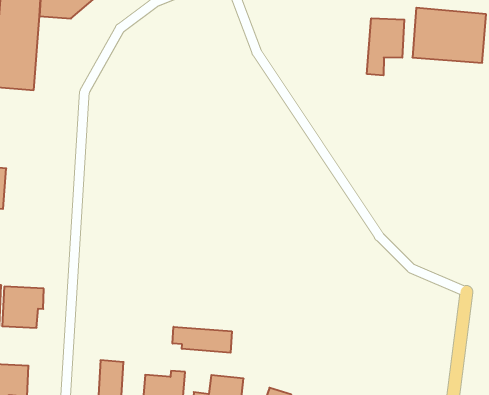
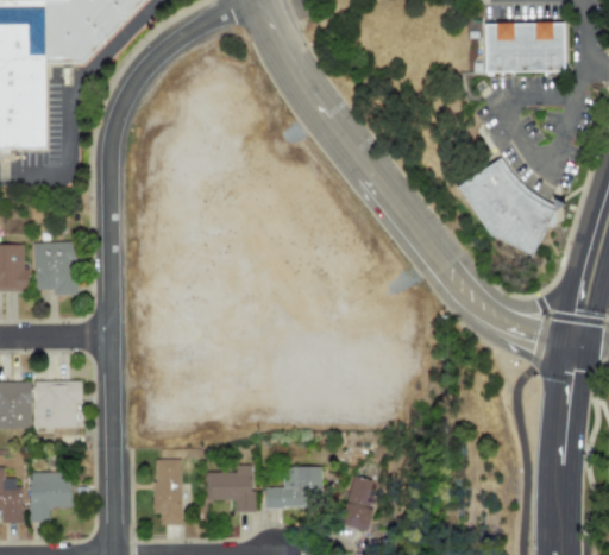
building: [367,18,404,75] -> none
building: none -> [464,160,561,260]
building: none -> [31,241,75,295]
building: [173,327,232,353] -> none

